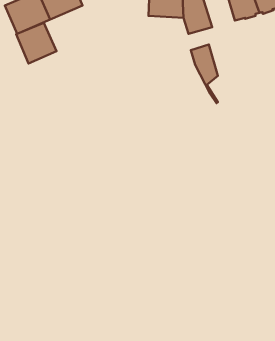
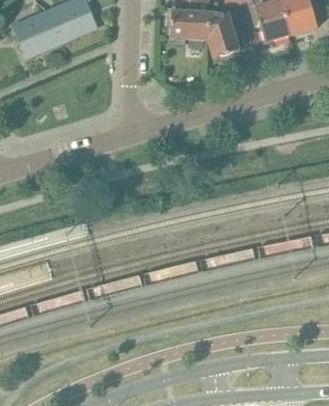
building: [16,23,57,63] -> none
building: [191,44,218,103] -> none

